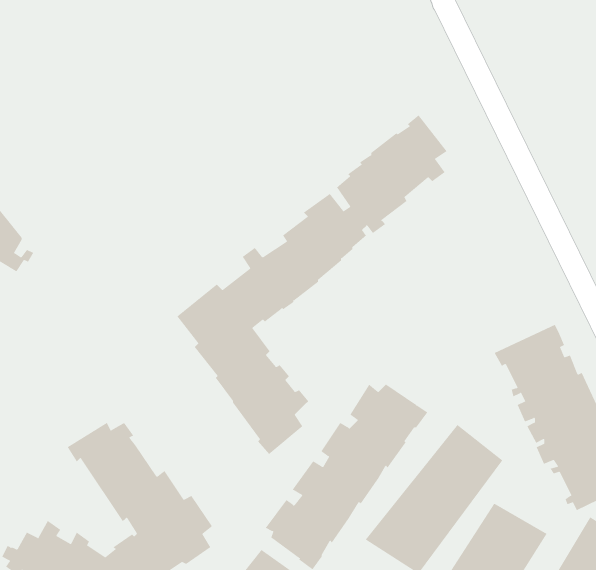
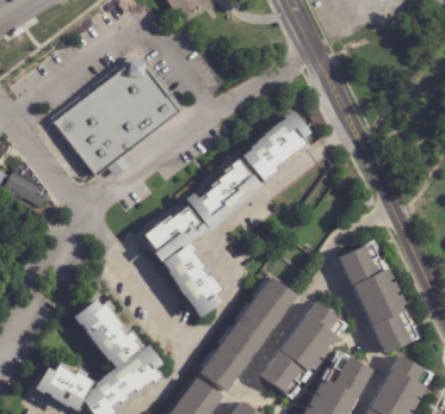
building: none -> [54,60,180,178]

